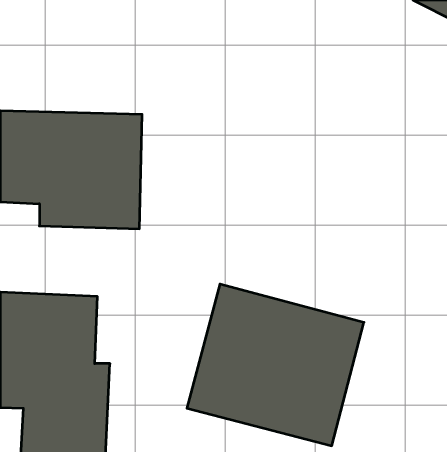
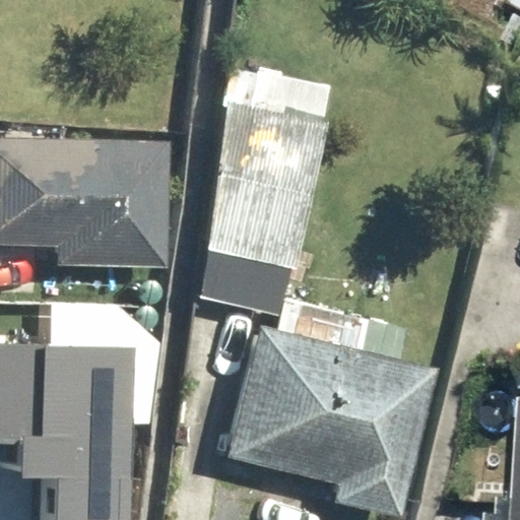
building: none -> [207,115,316,266]

